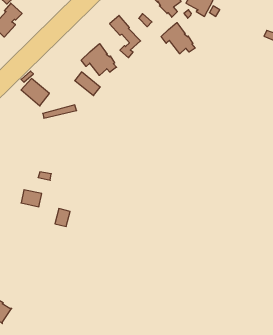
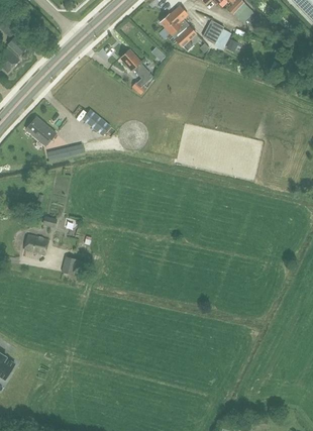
building: [161,23,195,54] -> none
building: [81,44,117,75] -> none

